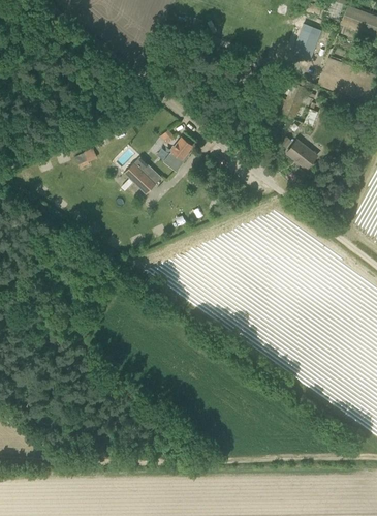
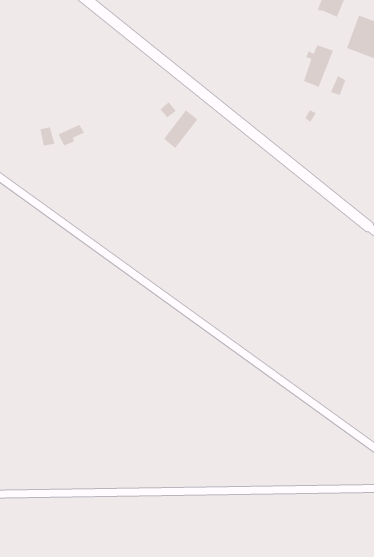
building: [287,139,318,168] -> none
building: [125,161,157,192] -> none

